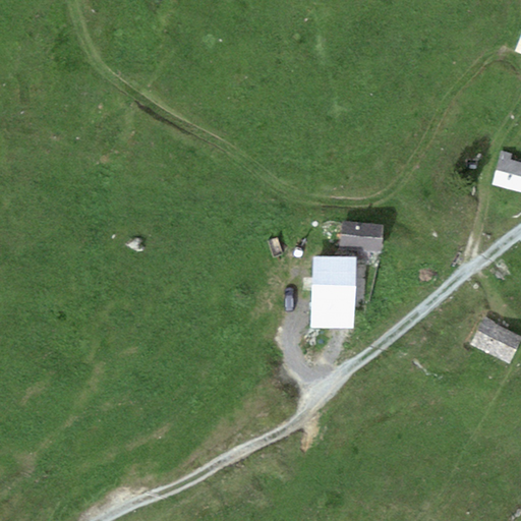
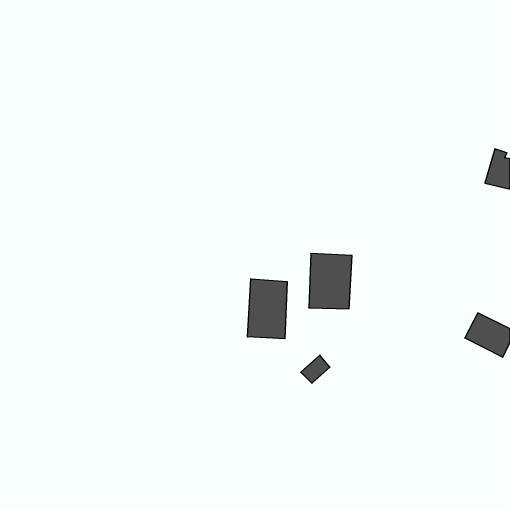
building: [341,221,384,248] -> none
building: none -> [247,279,287,339]

